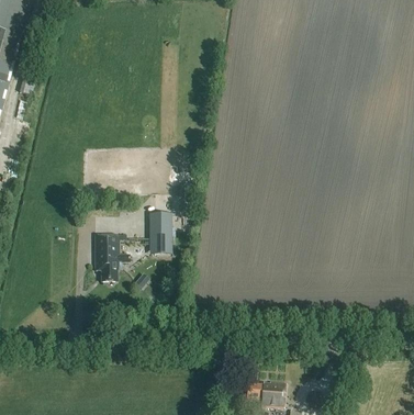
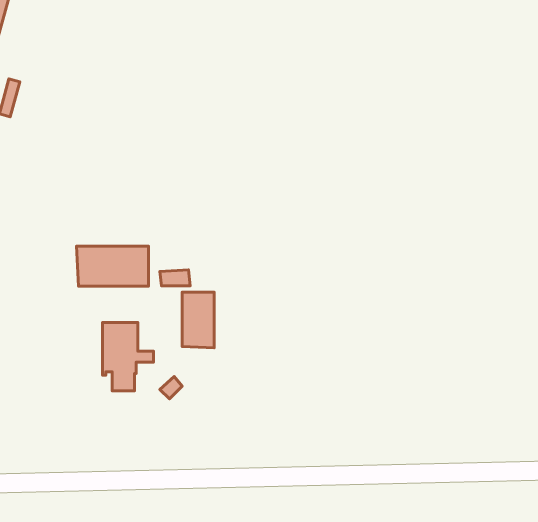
building: none -> [76,246,148,286]

